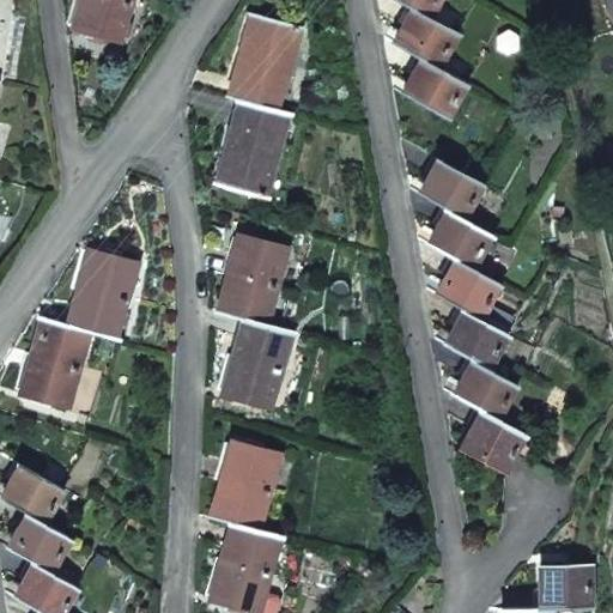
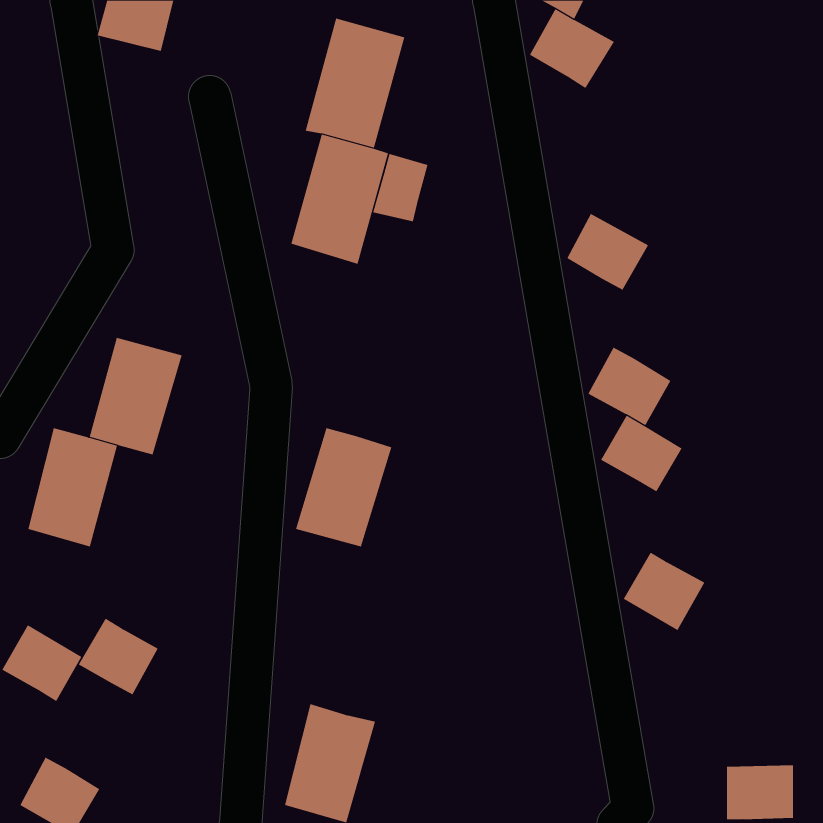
building: [403,59,466,119] -> none
building: none -> [372,153,428,222]
building: [429,208,491,267] -> none
building: [217,236,287,324] -> none
building: [454,358,516,418] -> none
building: [211,443,280,532] -> none
building: [10,514,69,571] -> [78,618,159,695]

